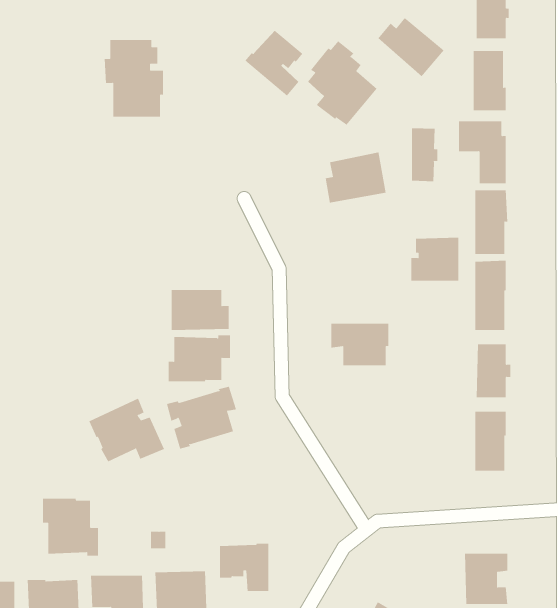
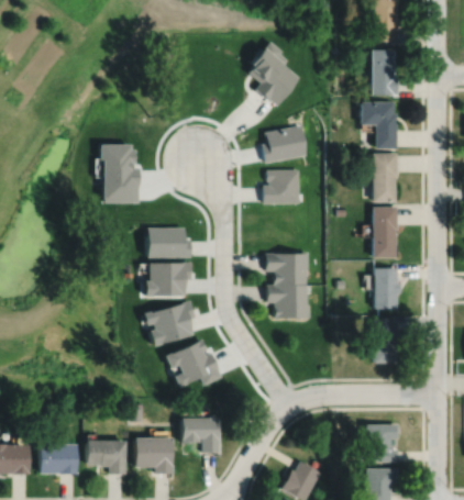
building: [377,17,444,77] -> none
building: [245,30,303,96] -> none
building: [104,39,164,117] -> [95,144,140,202]
building: [412,127,438,182] -> none
building: [411,237,459,281] -> [264,169,300,202]
building: none -> [267,285,311,319]
building: [89,398,165,462] -> [165,340,222,388]
building: [42,498,98,556] -> none

